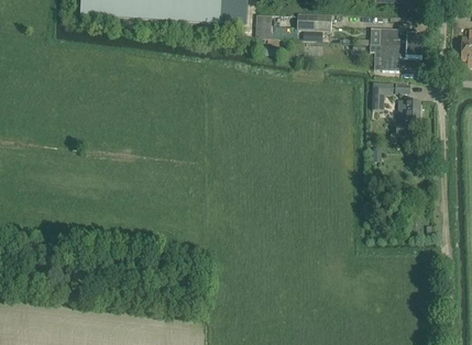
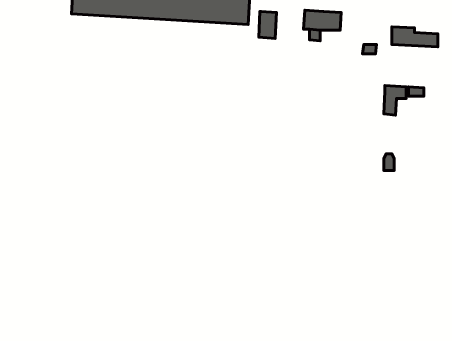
building: [367,43,421,69] -> none
building: [394,99,419,133] -> none

